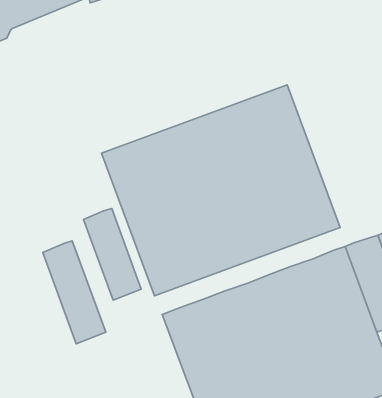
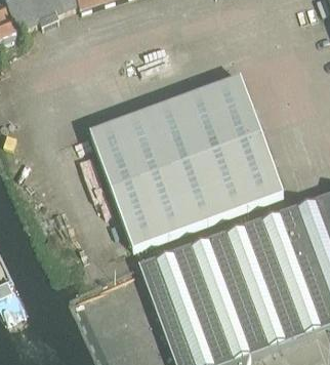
building: [83,208,141,300] -> none
building: [43,241,106,344] -> none

